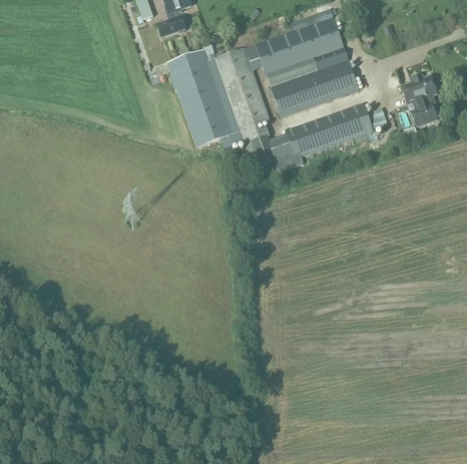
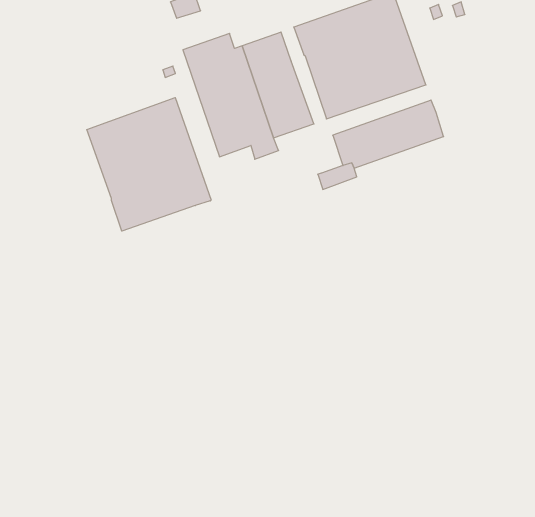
building: [400,75,437,126] -> none
building: none -> [87,98,211,231]
building: [250,135,275,164] -> none

